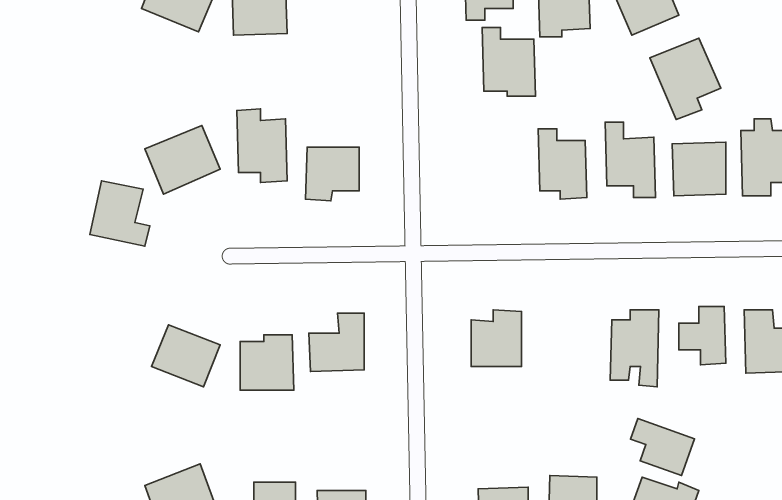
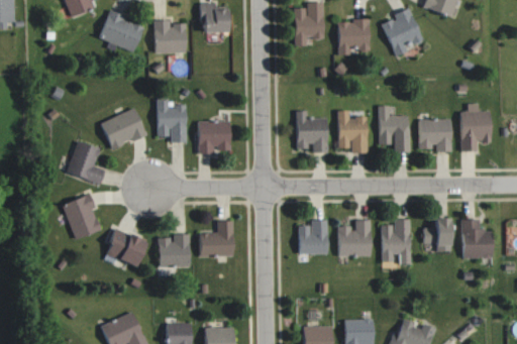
building: [482,27,536,96] -> [295,110,327,151]
building: [650,38,721,120] -> none
building: none -> [61,194,101,240]
building: none -> [337,220,371,256]
building: [630,419,695,476] -> none

